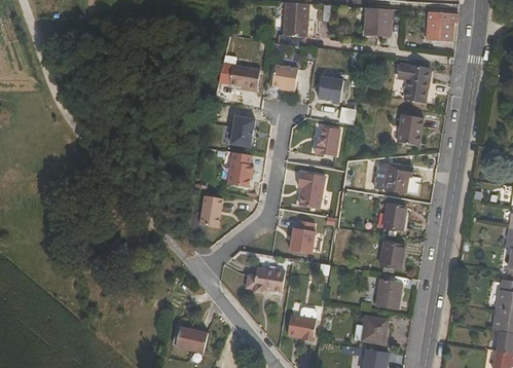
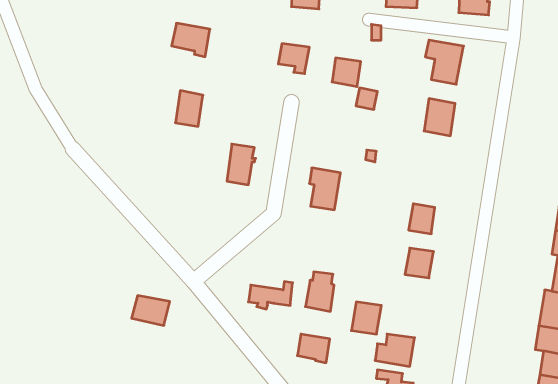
building: [226,65,259,94] -> [172,23,210,57]
building: [229,115,253,146] -> [175,91,203,126]
building: [315,127,339,156] -> none
building: [375,163,413,191] -> none
building: [200,195,225,234] -> none
building: [290,220,315,254] -> [305,272,334,311]
building: [376,280,402,307] -> [351,302,381,334]
building: [176,326,209,352] -> [132,296,170,325]

